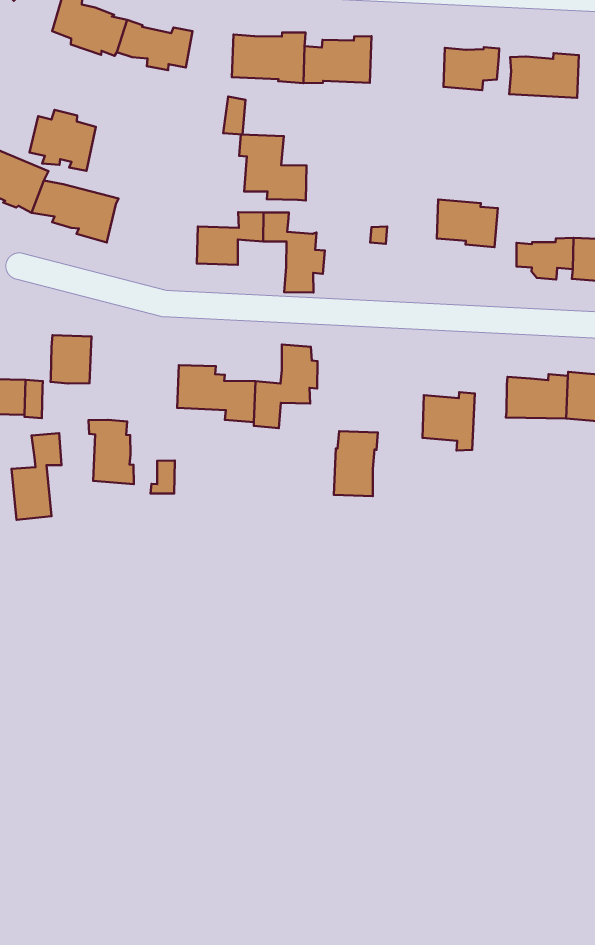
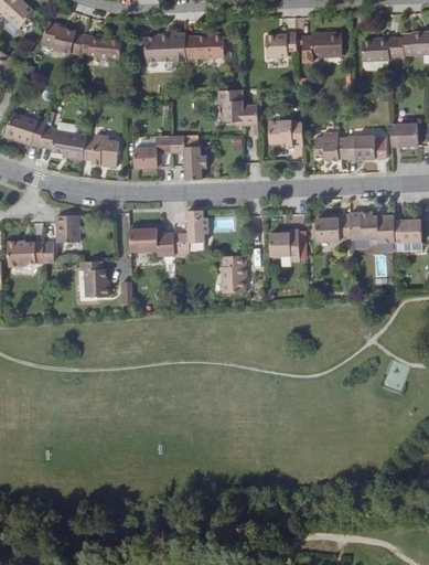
building: [29,110,96,171] -> [83,134,119,167]
building: [239,135,307,200] -> [218,88,258,125]
building: [12,433,62,520] -> none

